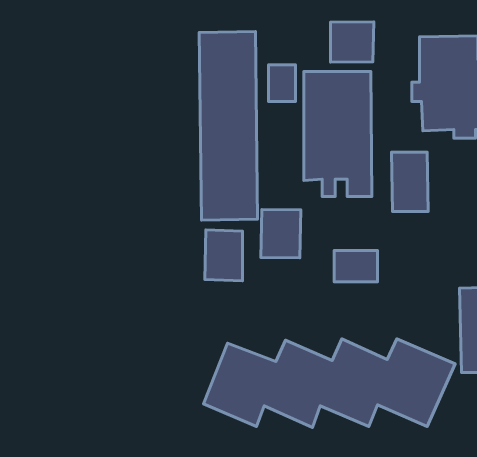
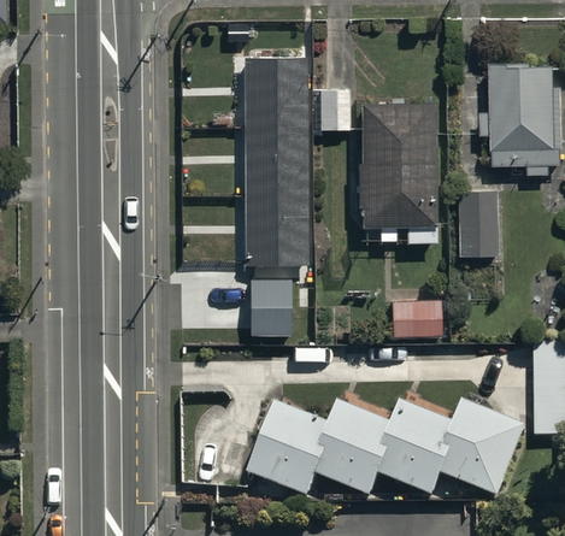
building: [331,22,374,62] -> none
building: [261,210,301,258] -> none

